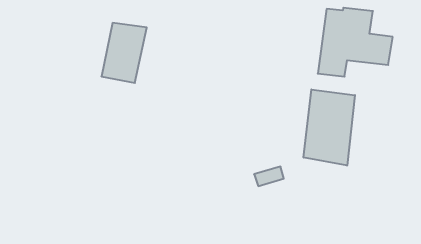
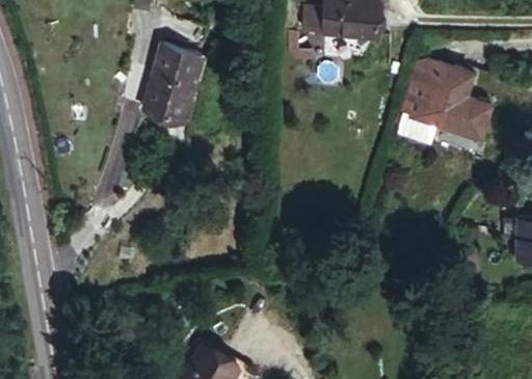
building: [304,89,355,166] -> none

